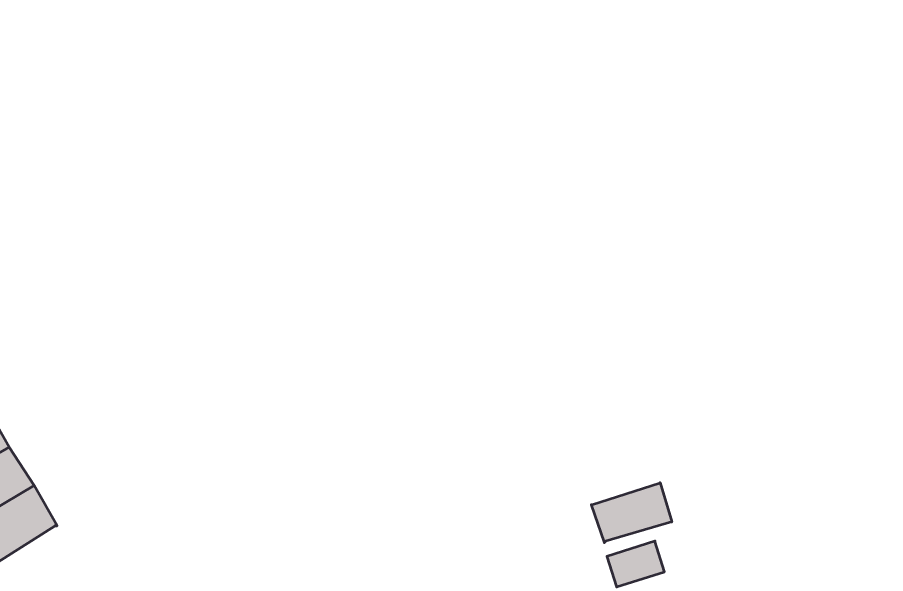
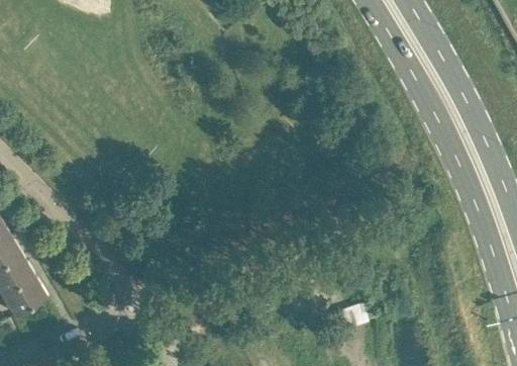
building: [591,483,672,543] -> none

